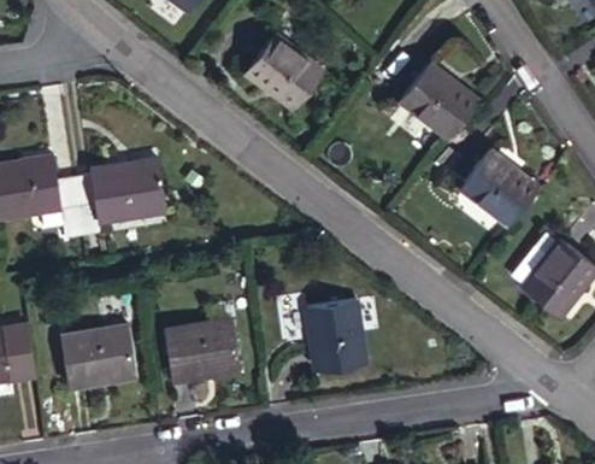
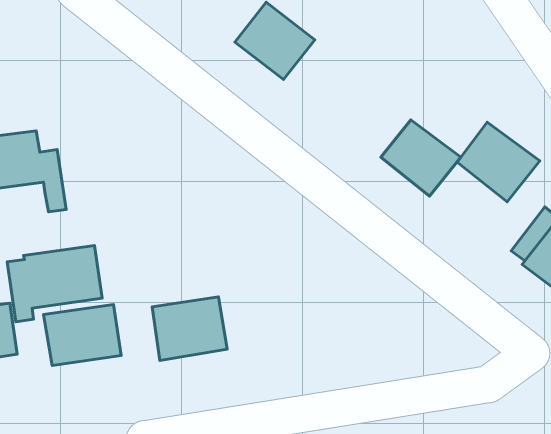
building: [401,65,478,139] -> [381,120,461,196]
building: [75,161,166,235] -> [7,246,102,322]
building: [308,301,366,369] -> none

